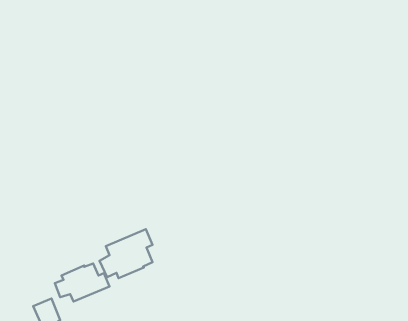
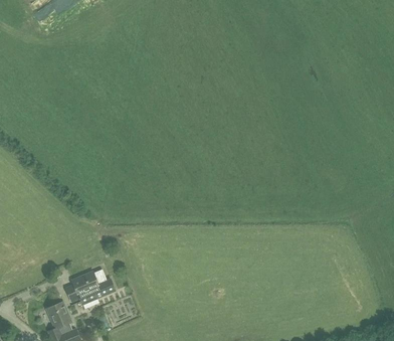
building: [99,229,153,278] -> none

